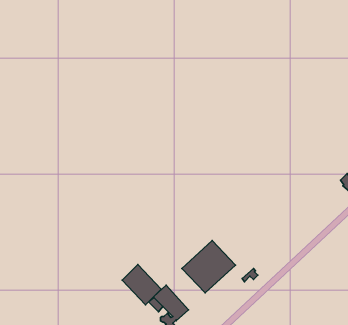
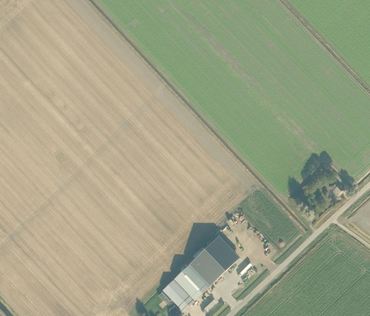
building: [122,264,161,305] -> [178,259,213,295]

